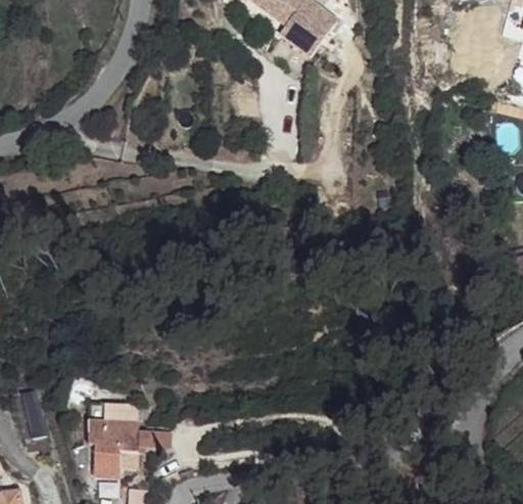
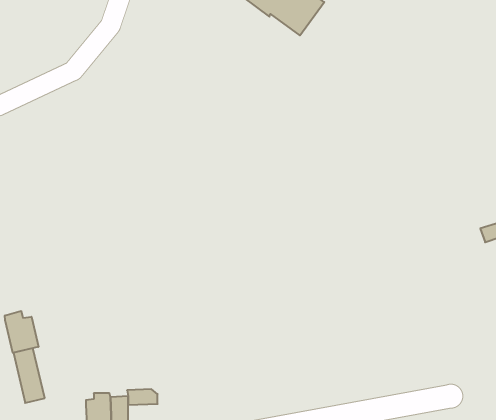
building: none -> [5,311,38,353]
building: [87,419,138,445] -> none

